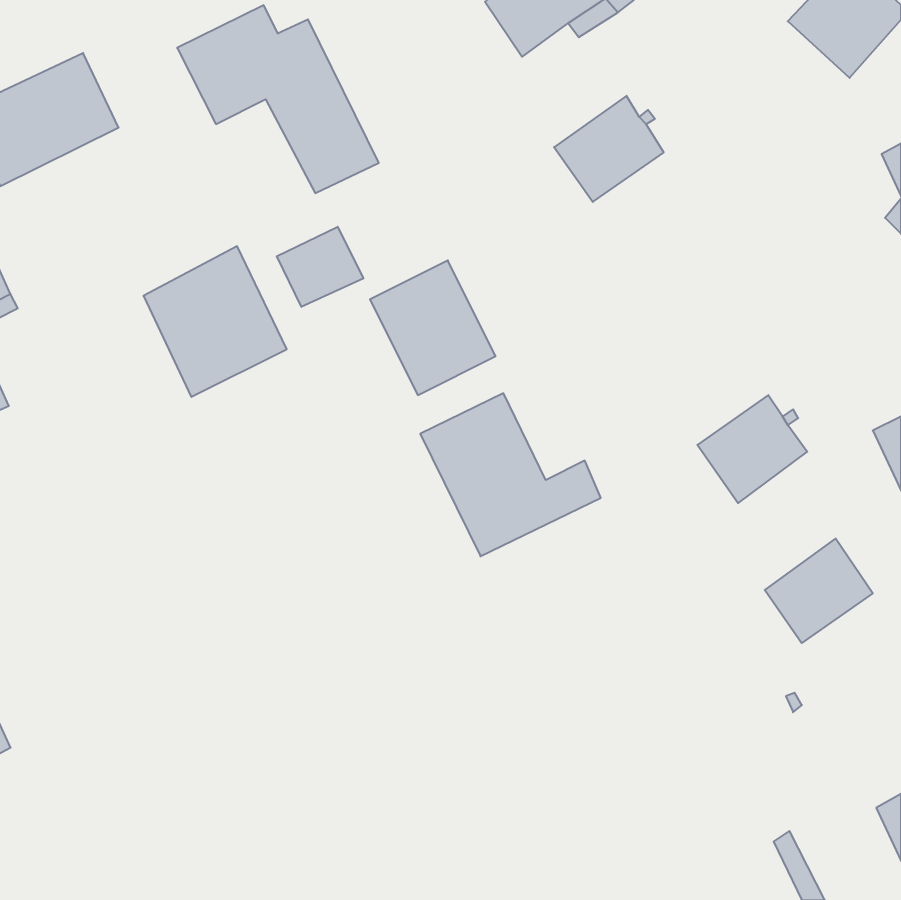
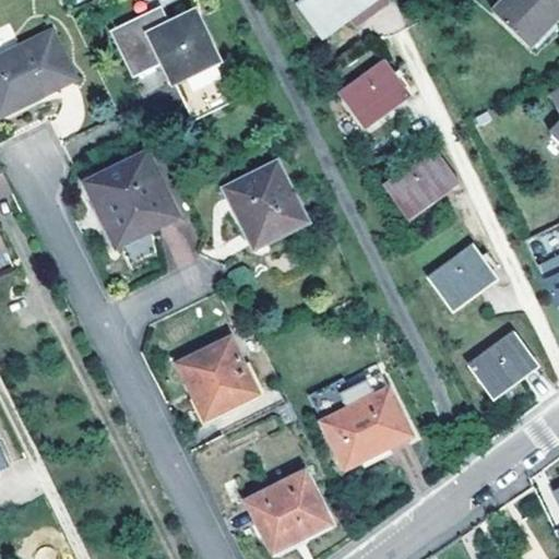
building: [277,227,363,307] -> none
building: none -> [389,152,454,215]
building: [420,393,601,556] -> [177,335,288,436]
building: none -> [320,374,412,465]
building: none -> [243,469,329,549]

